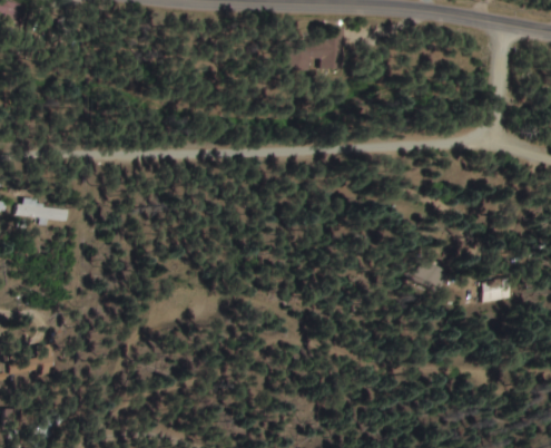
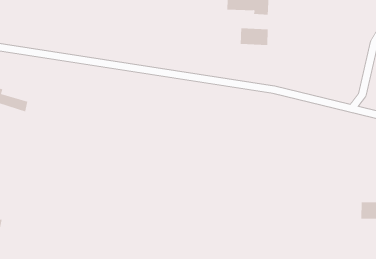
building: none -> [240,28,268,46]

